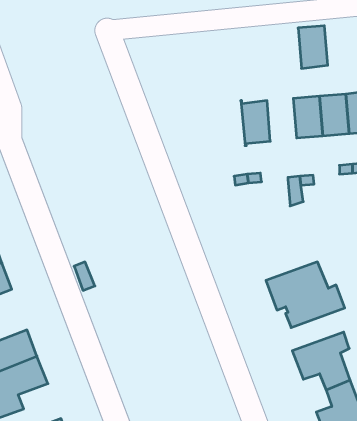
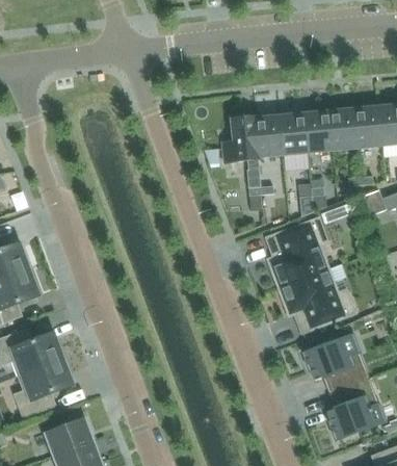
building: [298,26,328,68] -> [280,113,308,154]
building: none -> [222,115,259,161]
building: none -> [267,218,327,286]

